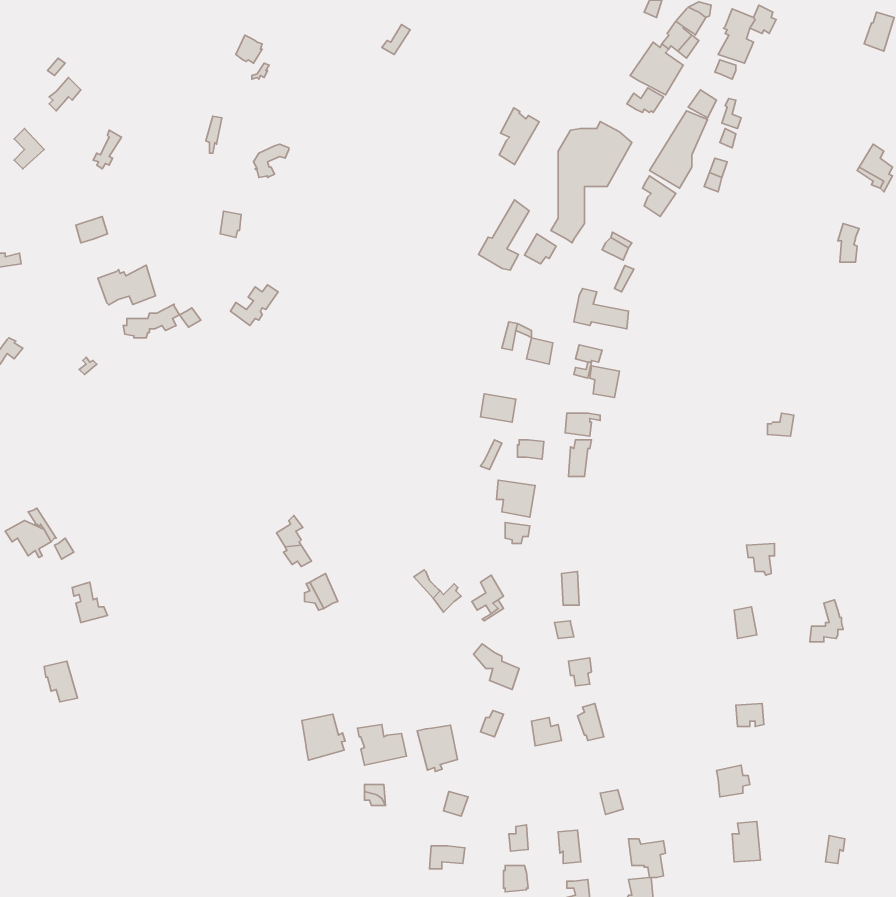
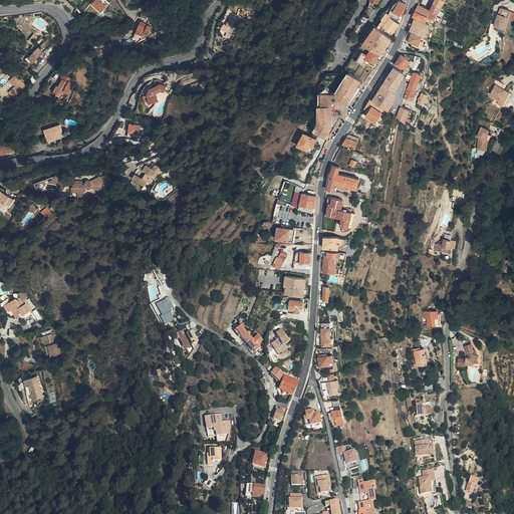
building: [499,108,539,165] -> none
building: [478,200,529,270] -> none
building: [98,265,155,305] -> none
building: [302,714,345,760] -> none
building: [417,725,457,772] -> none

